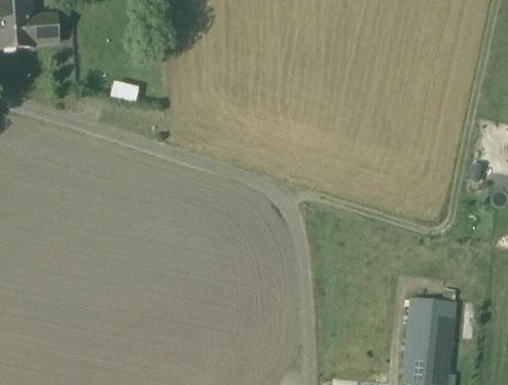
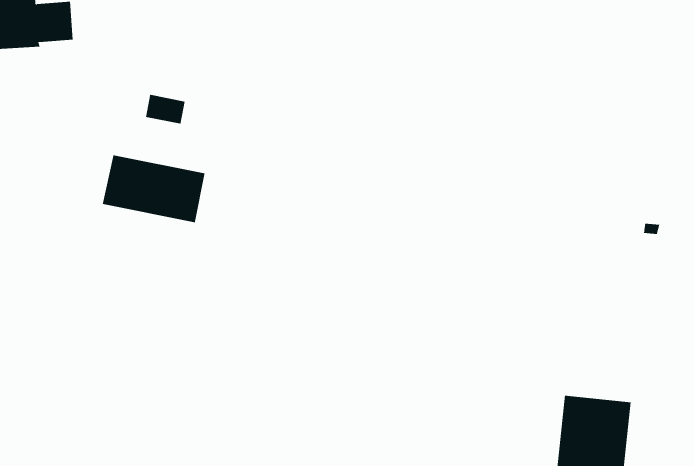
building: none -> [102,155,205,223]

